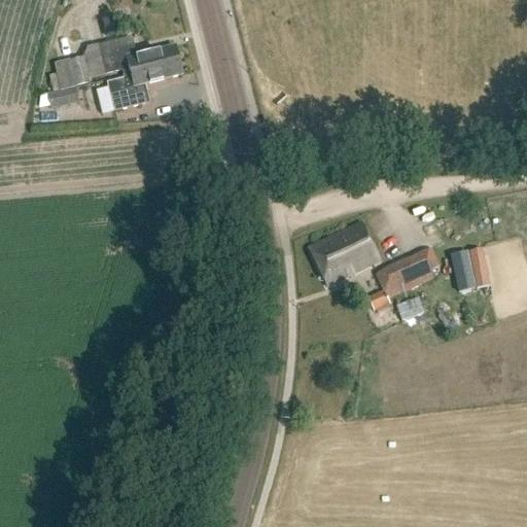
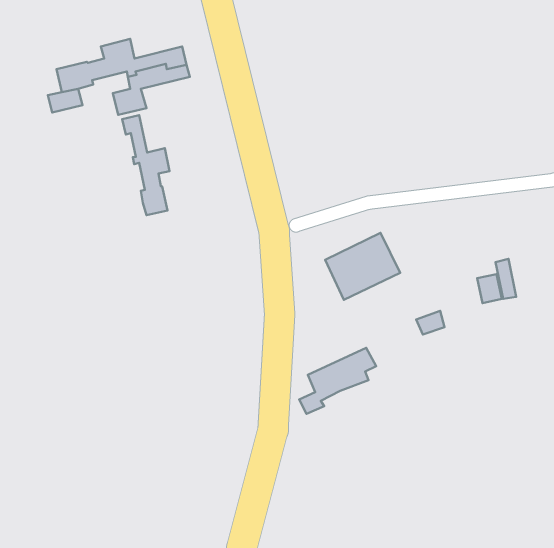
building: none -> [122,115,170,215]
building: [366,246,440,309] -> [299,348,376,414]

